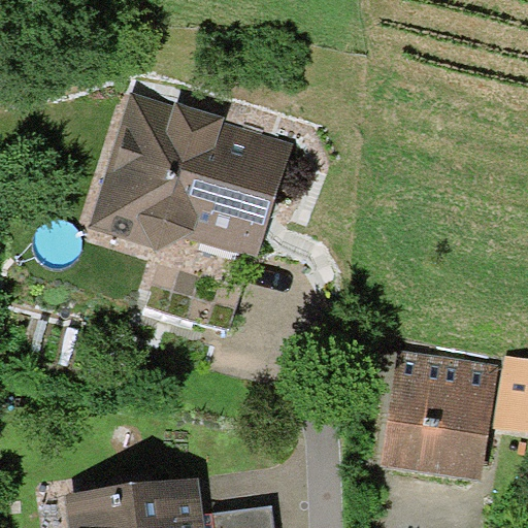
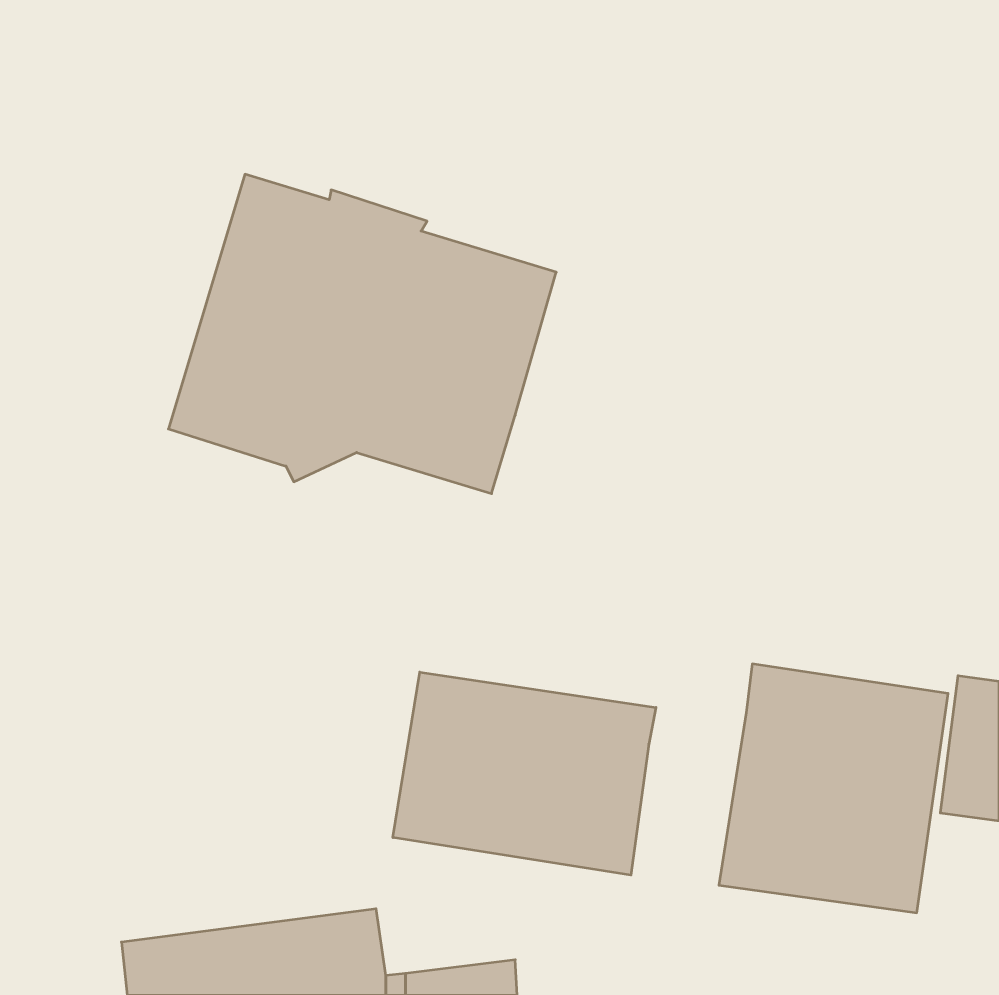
building: none -> [393,672,656,875]

